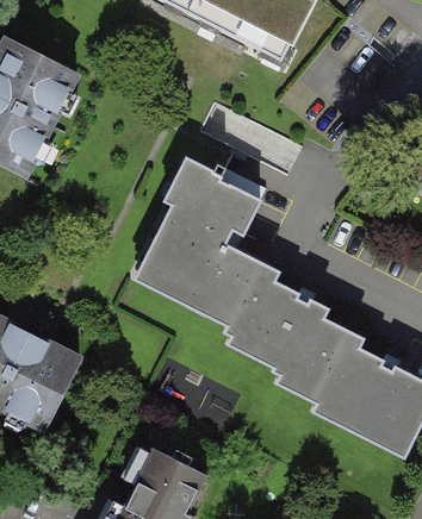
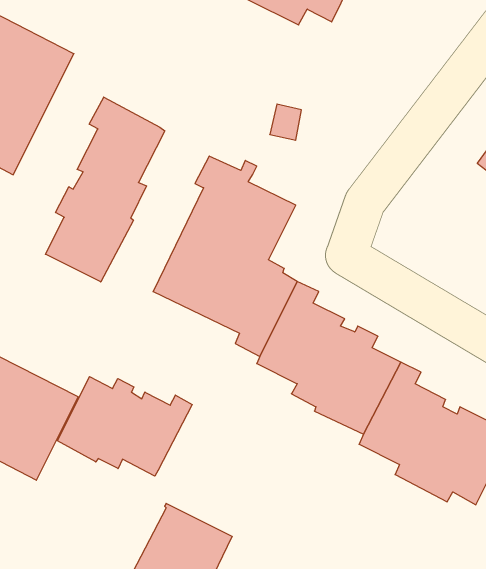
building: none -> [45,97,165,282]
building: none -> [57,377,192,476]

